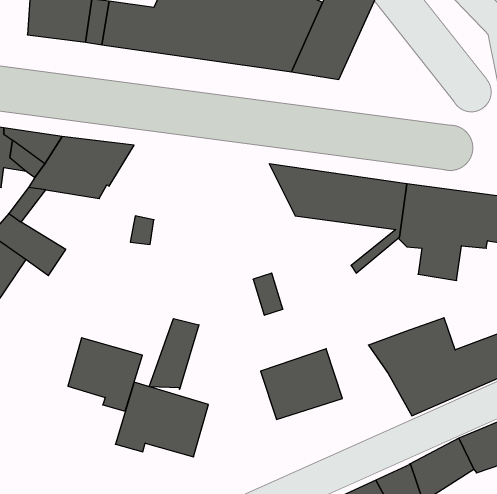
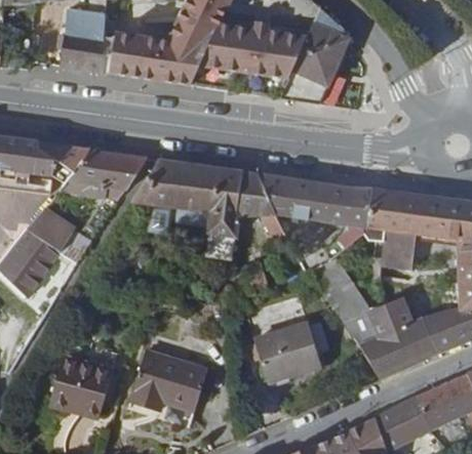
building: none -> [133,158,290,258]
building: none -> [309,257,372,321]
building: [149,319,199,389] -> none
building: [68,338,142,411] -> [53,357,115,417]

